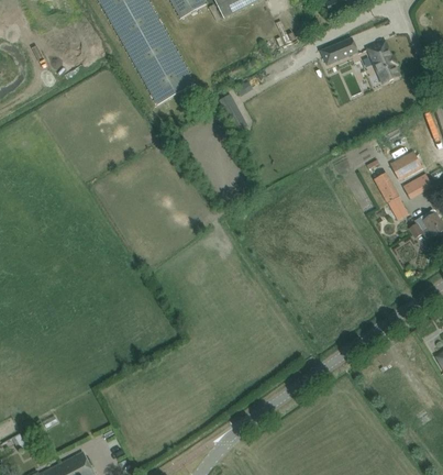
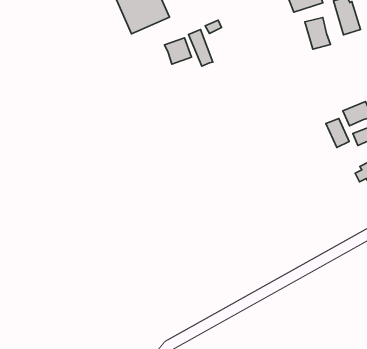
building: none -> [305,18,331,49]
building: none -> [164,38,192,64]

